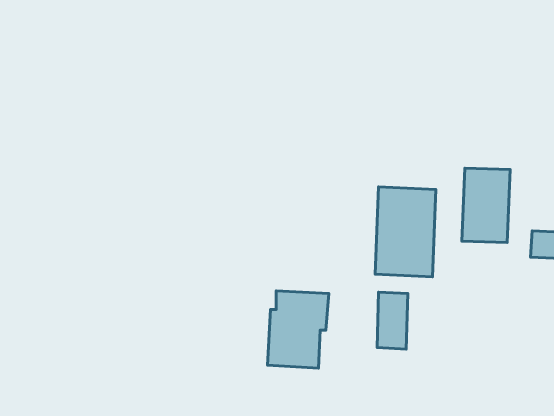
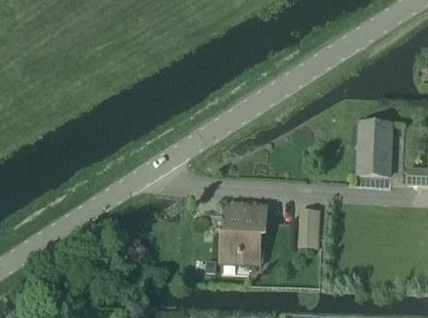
building: [375,187,436,277] -> none

